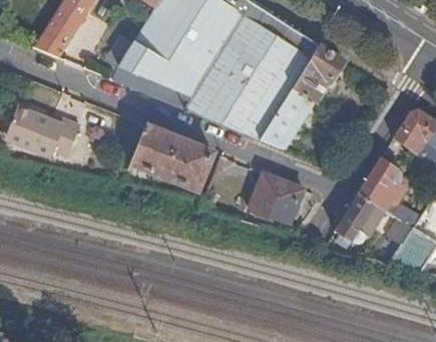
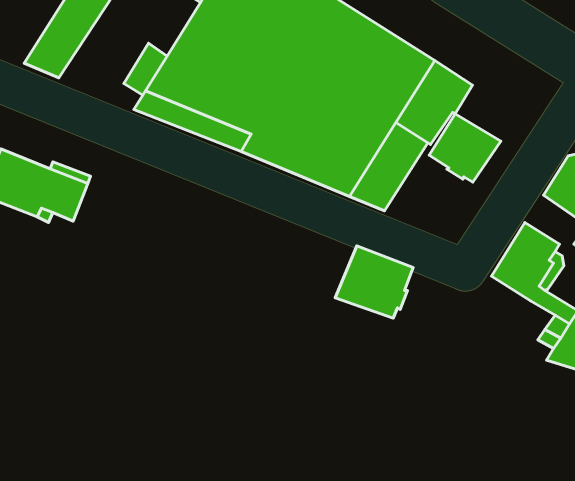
building: none -> [429,114,501,182]
building: [130,127,212,192] -> none
building: [333,196,384,248] -> none

